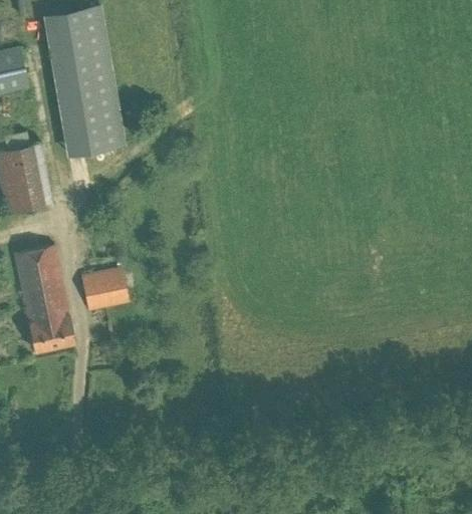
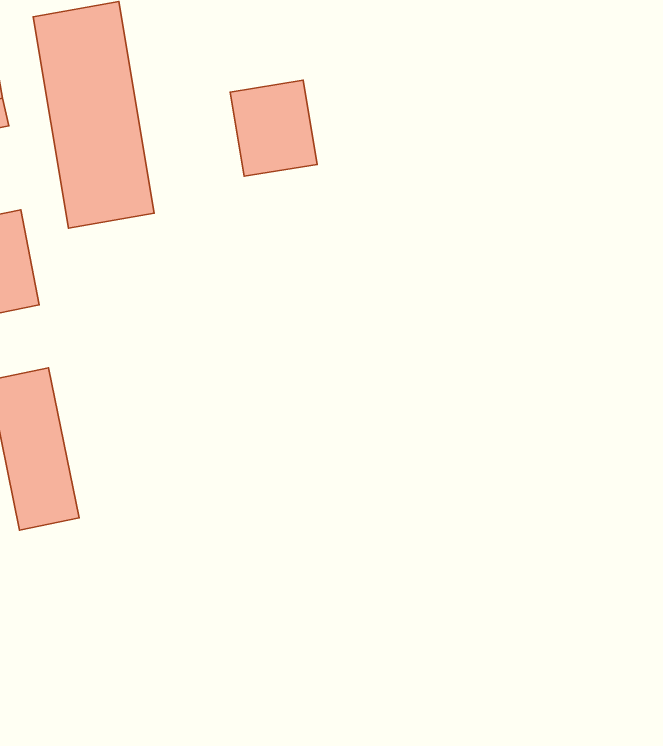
building: none -> [230,80,317,176]
building: [81,268,130,311] -> none

